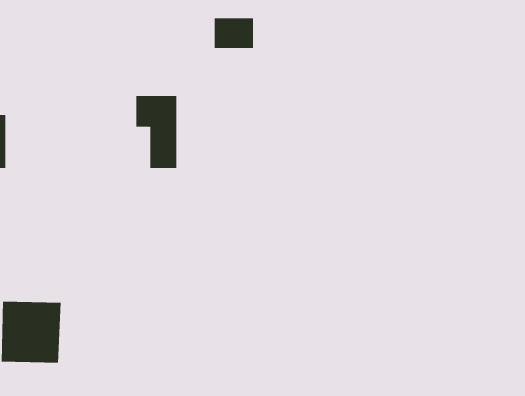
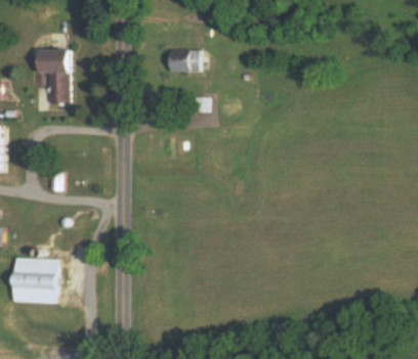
building: [136,95,177,169] -> [38,47,69,101]

